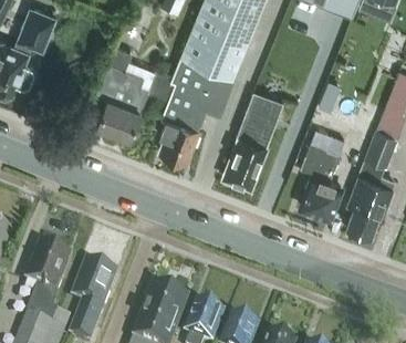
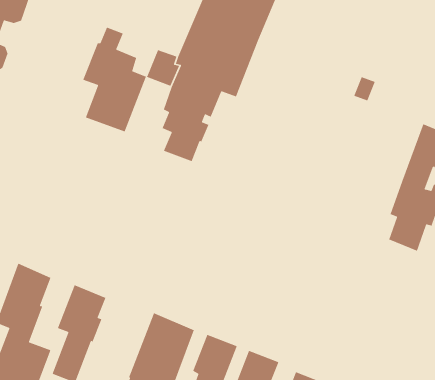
building: [225,86,283,183] -> none
building: [301,139,342,212] -> none

